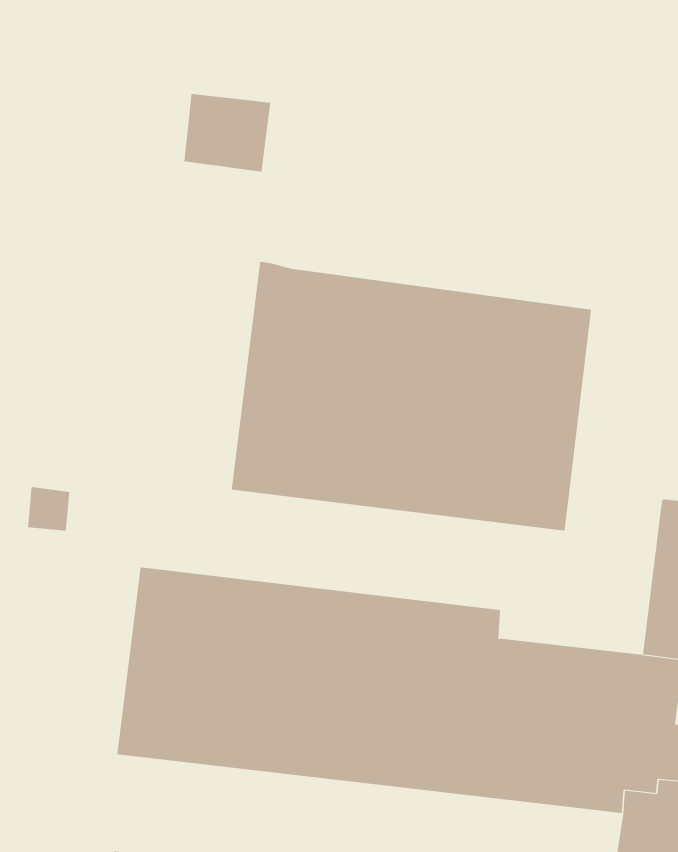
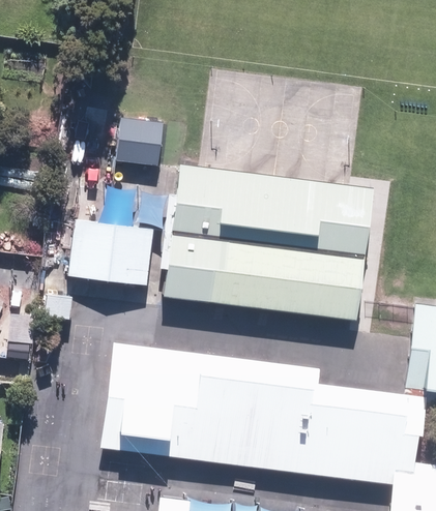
building: [184,93,271,172] -> [113,121,164,167]
building: none -> [69,219,155,288]

